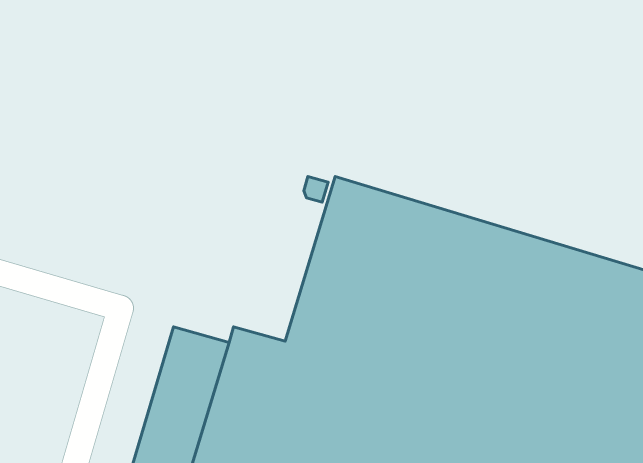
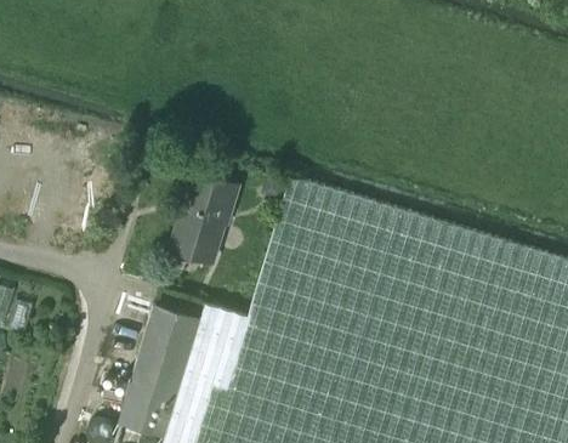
building: none -> [170,172,239,263]

